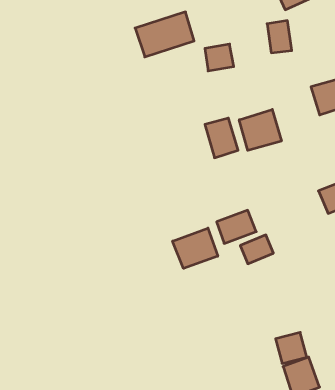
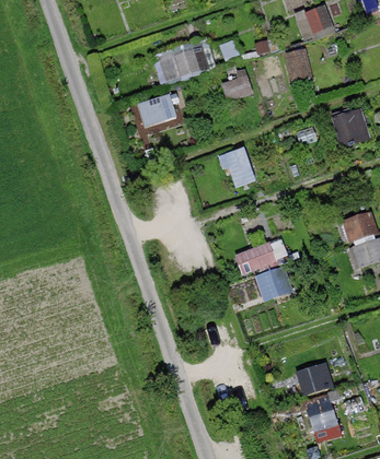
building: none -> [138,95,177,130]
building: [239,109,281,150] -> none
building: [173,228,218,268] -> none

